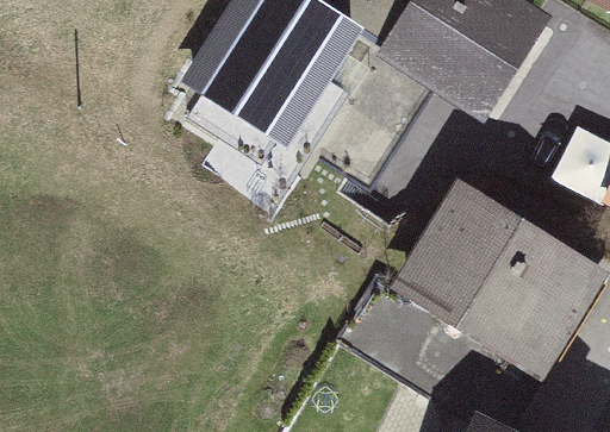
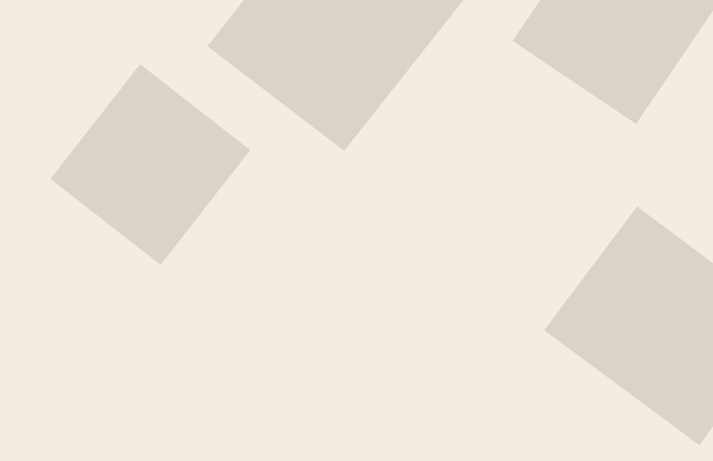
building: none -> [49,63,251,266]

